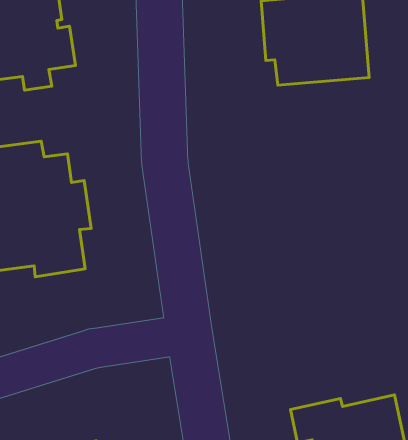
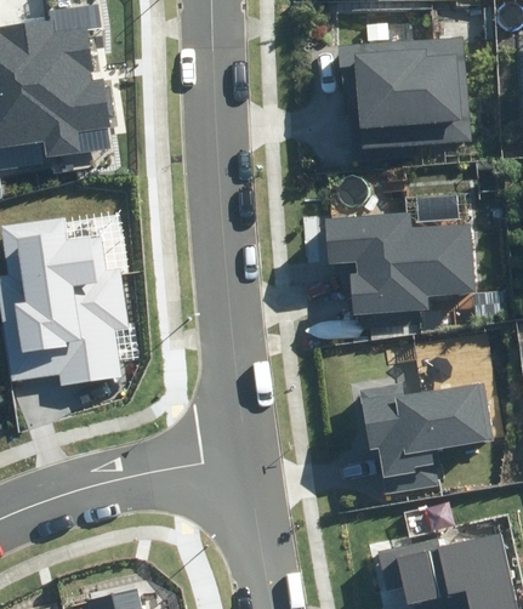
building: none -> [324,212,476,317]
building: none -> [358,380,494,495]

